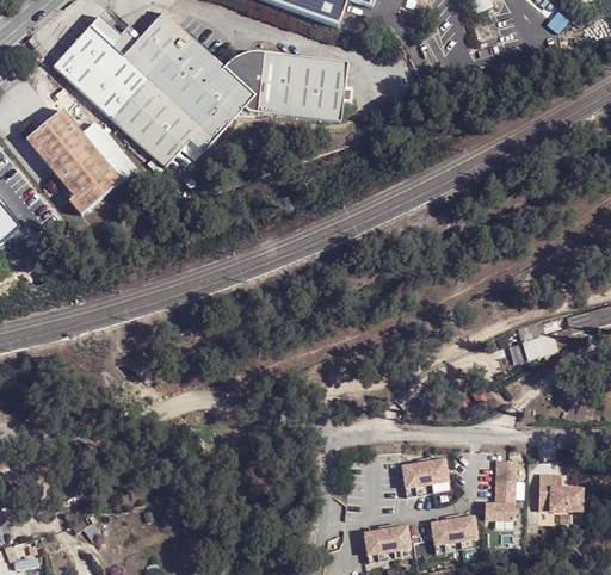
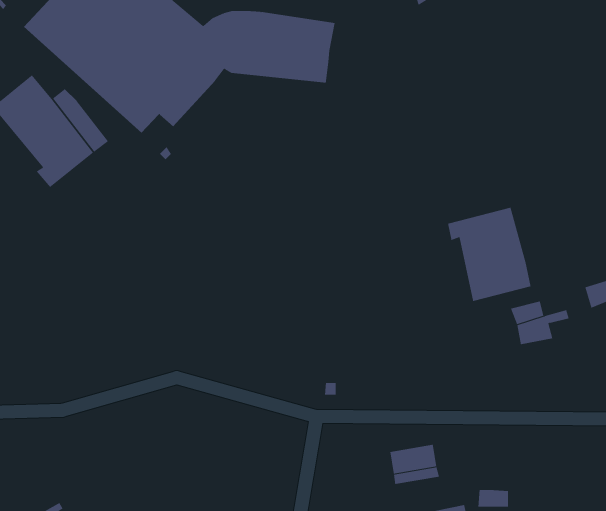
building: none -> [447,207,531,302]
building: [494,460,516,499] -> none
building: [536,474,580,511] -> none

